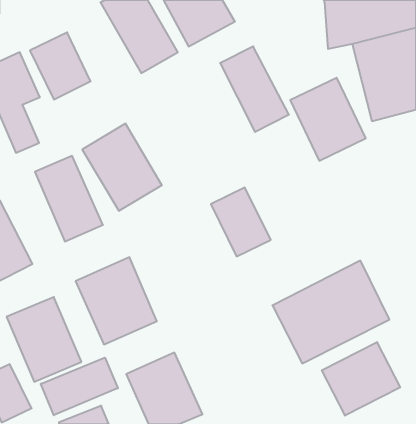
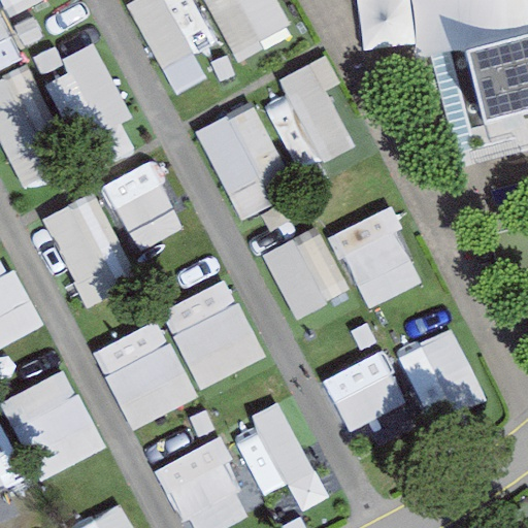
building: [290,78,366,161] -> [330,204,424,307]
building: none -> [196,102,295,221]
building: none -> [160,278,265,390]
building: none -> [234,409,323,508]
building: [322,342,400,416] -> none
building: [41,358,118,415] -> none

